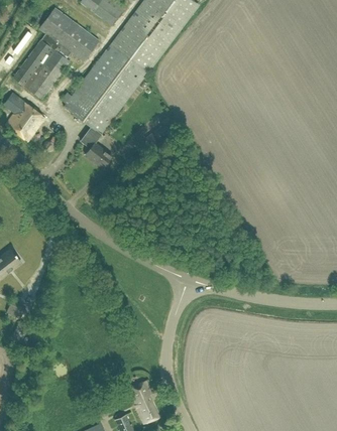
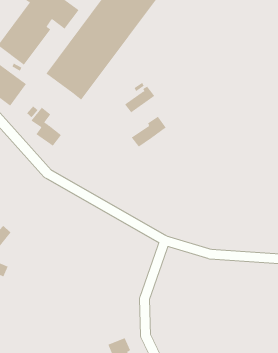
building: [80,126,112,167] -> [31,107,62,147]
building: none -> [131,116,167,147]

